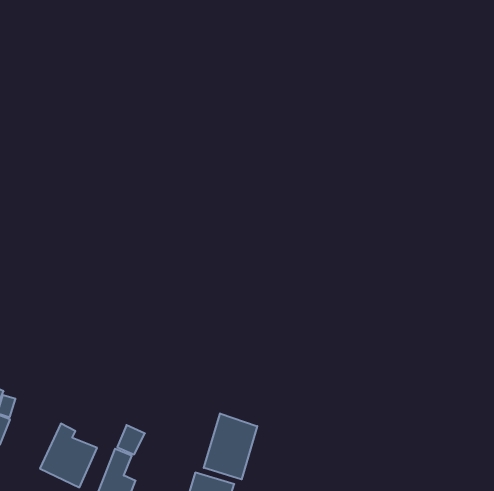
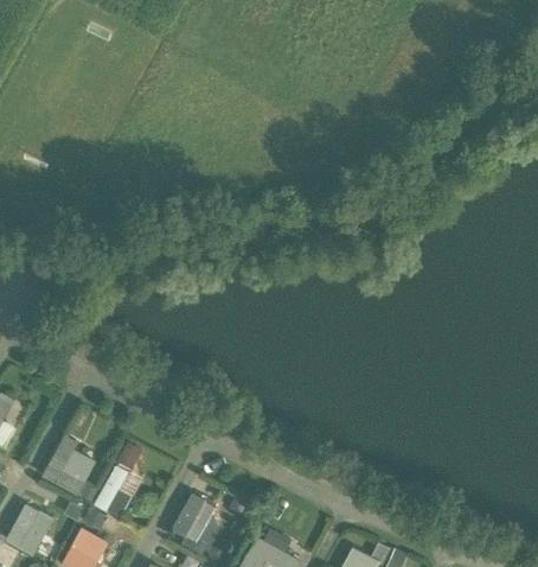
building: [204,413,257,479] -> none

